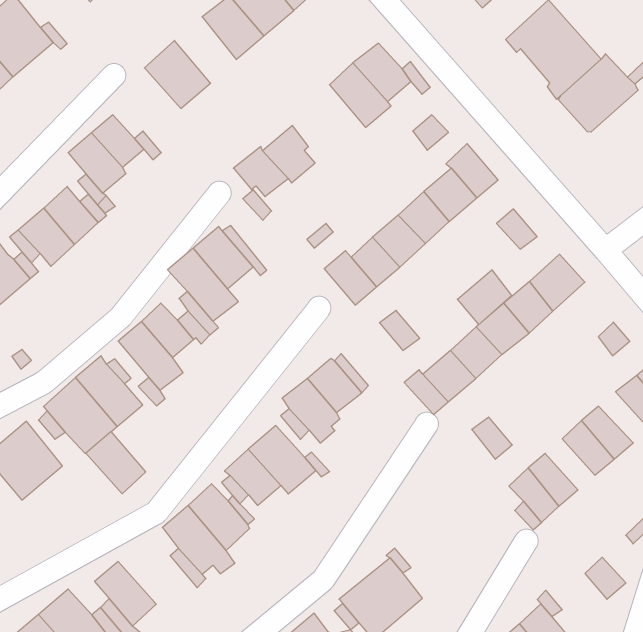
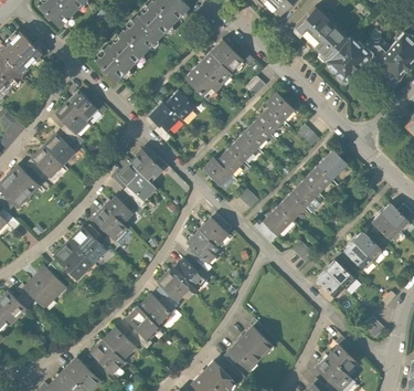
building: none -> [109,32,145,68]
building: none -> [184,64,221,101]
building: [457,270,511,324] -> none
building: [86,431,146,494] -> [102,326,136,360]

